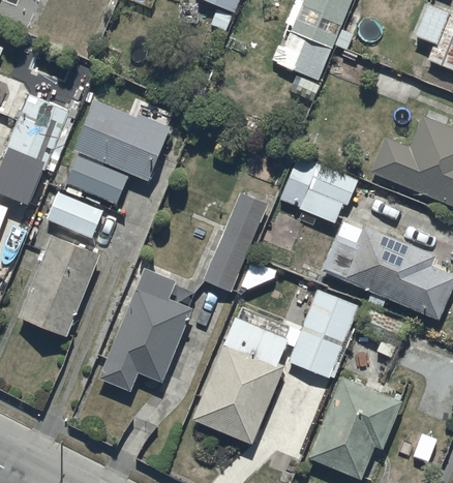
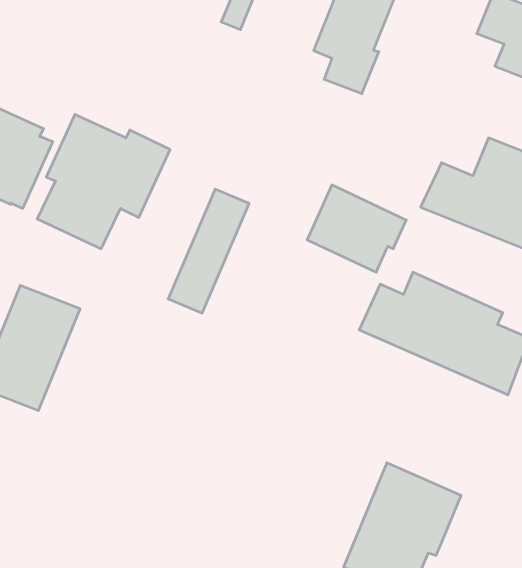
building: [46,191,103,239] -> none
building: [203,193,267,292] -> [168,189,249,313]
building: [98,267,193,391] -> none
building: [191,290,358,444] -> none

